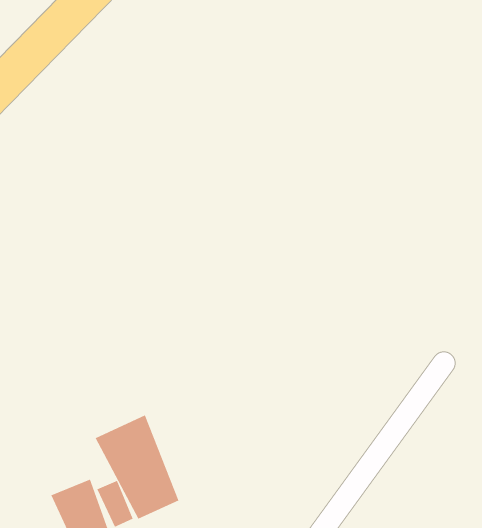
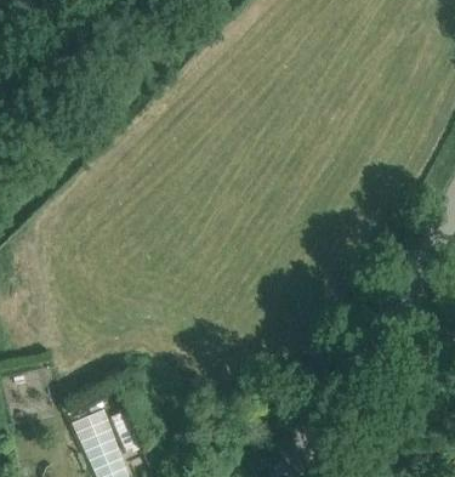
building: [95,415,179,520] -> none

